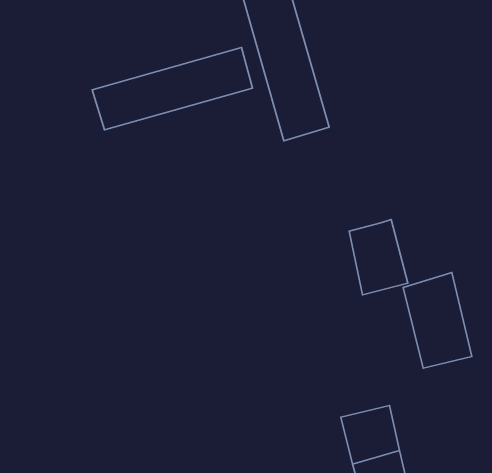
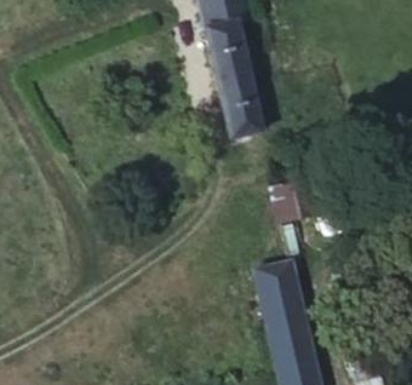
building: [92,47,253,130] -> none
building: [403,273,472,368] -> [248,260,298,329]

